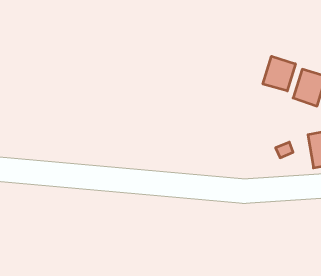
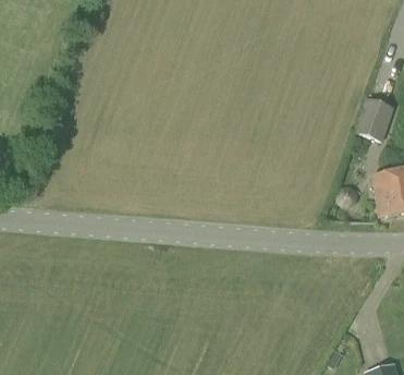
building: [263,56,295,91] -> none

